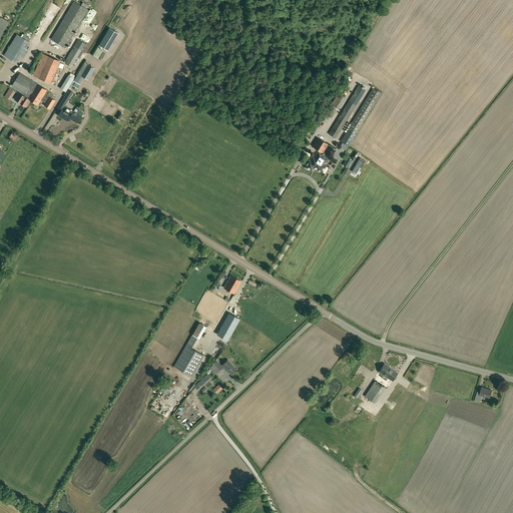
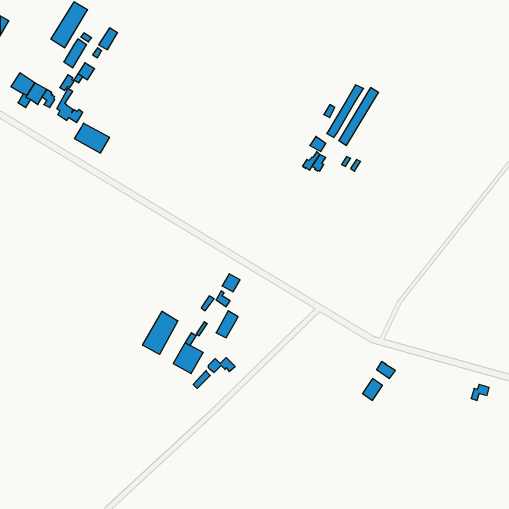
building: [4,34,29,63] -> none
building: [33,55,65,86] -> none
building: none -> [75,123,109,153]
building: none -> [143,311,178,354]

